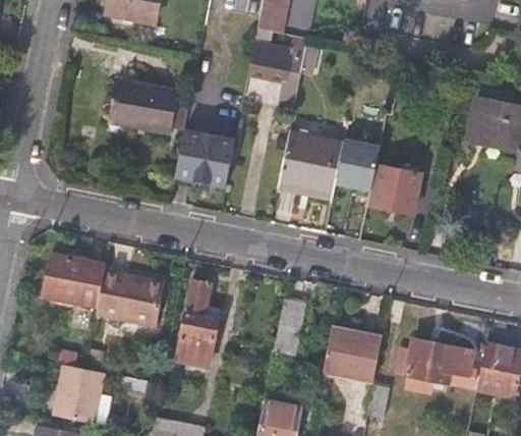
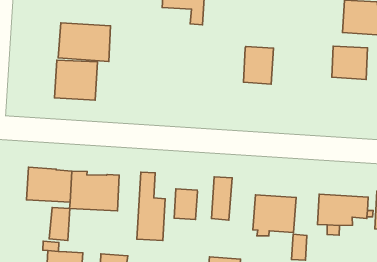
building: [175,130,235,187] -> [54,60,97,100]
building: [278,130,345,197] -> none
building: [372,166,422,214] -> [332,46,368,80]
building: none -> [174,189,197,219]
building: none -> [49,208,70,241]

